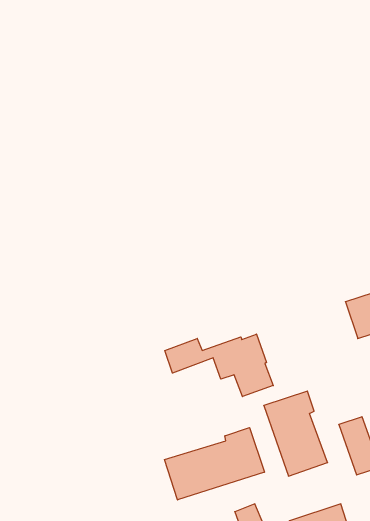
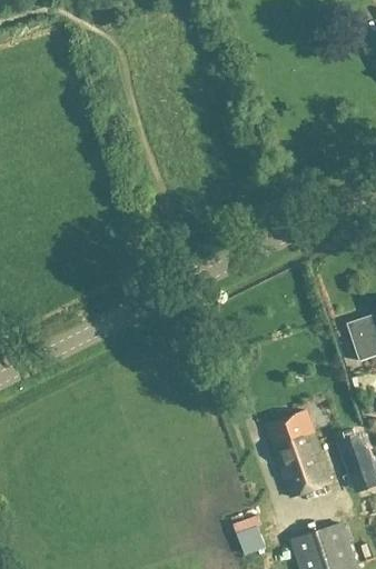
building: [165,334,273,397] -> none
building: [165,428,264,500] -> none

